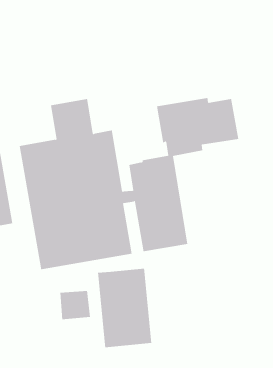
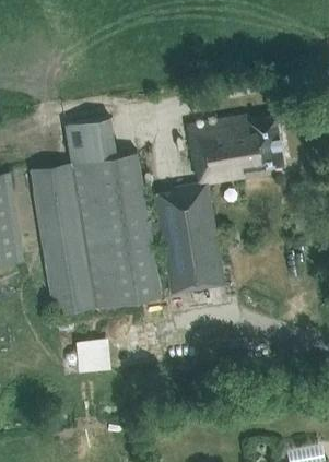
building: [97,268,152,348] -> none

